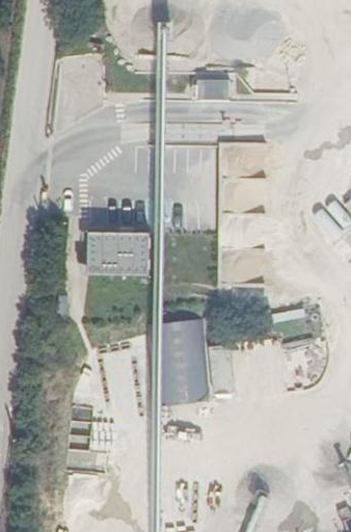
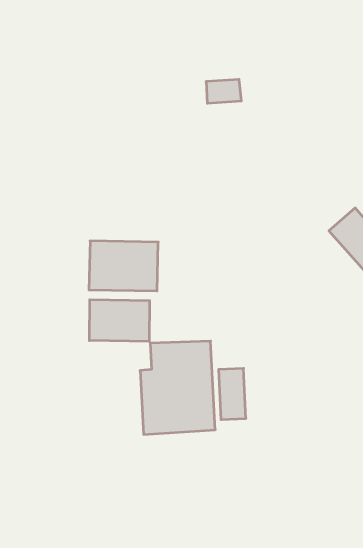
building: none -> [89,300,150,342]

